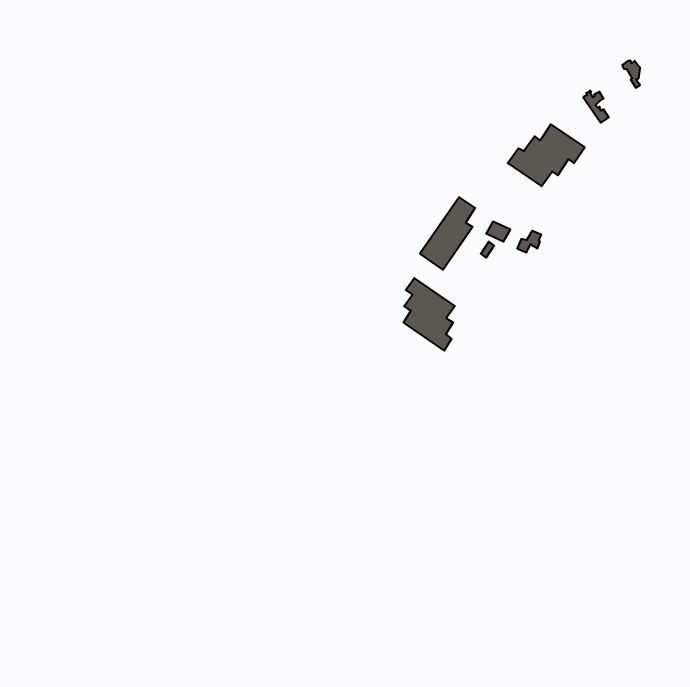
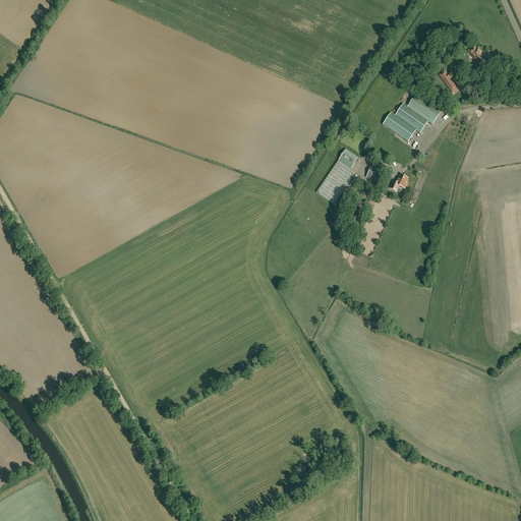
building: [404,278,455,351] -> none

